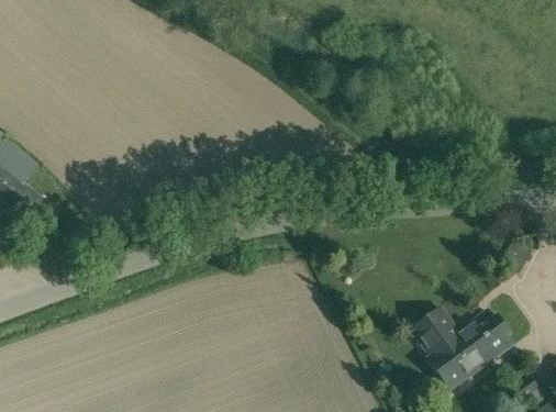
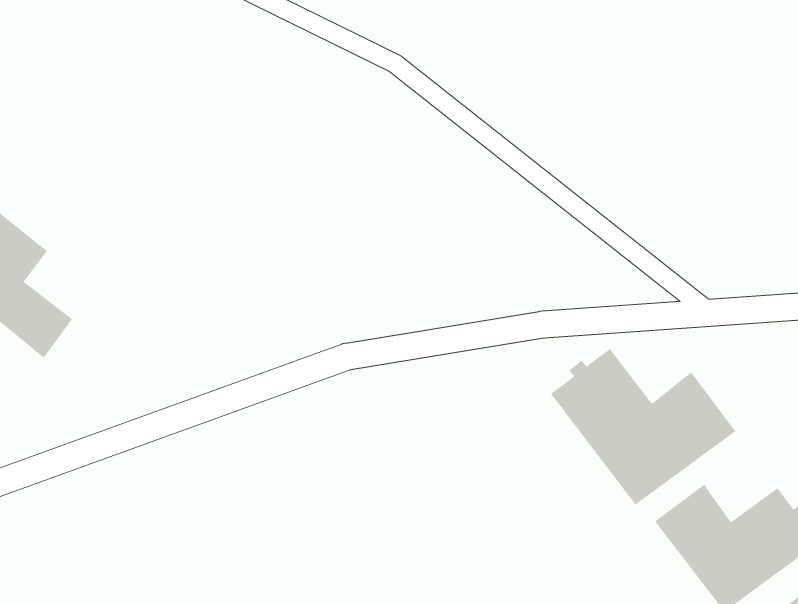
building: none -> [550,348,736,505]

